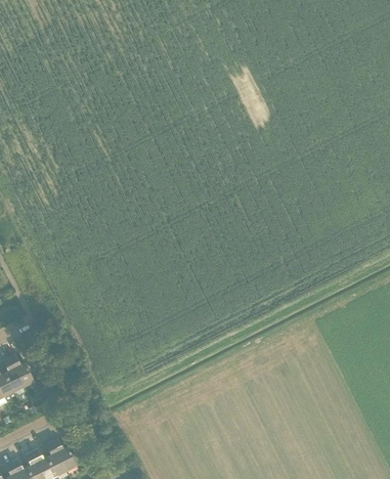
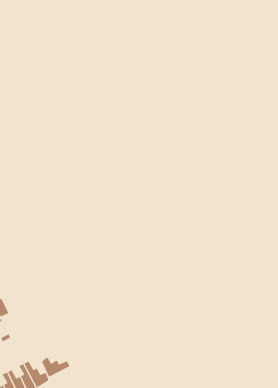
building: none -> [42,357,70,378]

